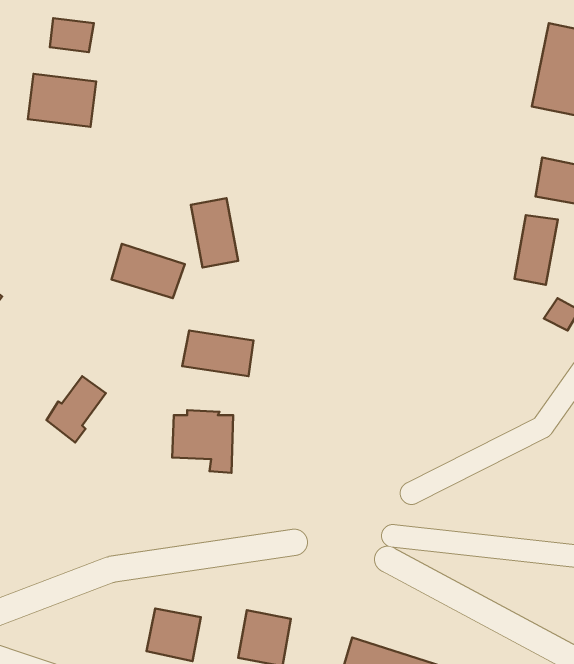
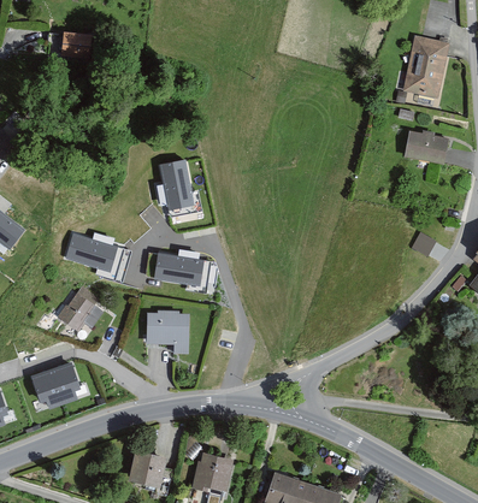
building: [28,74,96,127] -> none
building: [514,215,558,285] -> none
building: [112,244,185,298] -> [66,233,118,272]
building: none -> [31,363,82,409]

